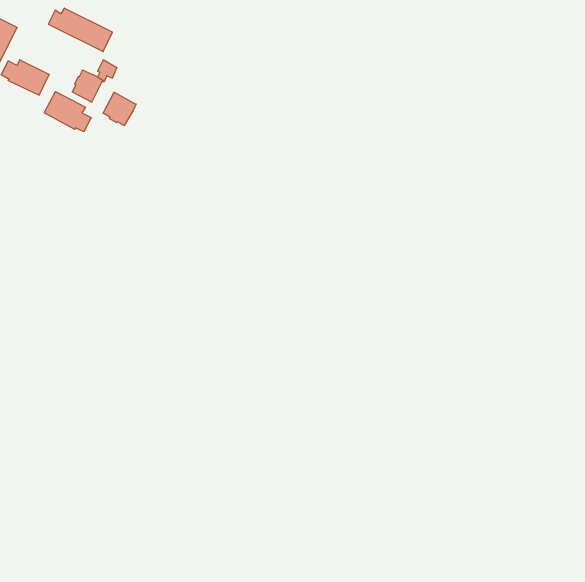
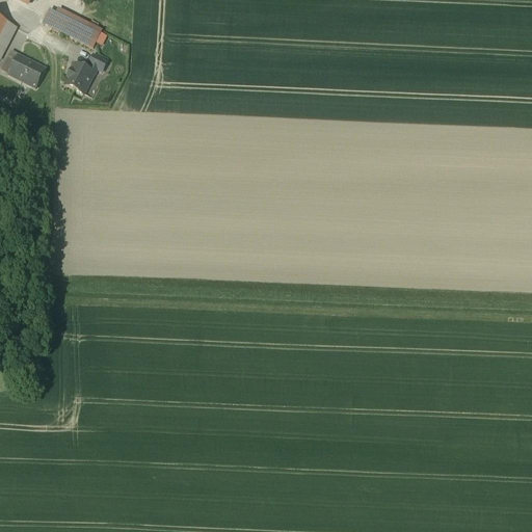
building: [44,92,91,132] -> none
building: [103,92,136,126] -> none

